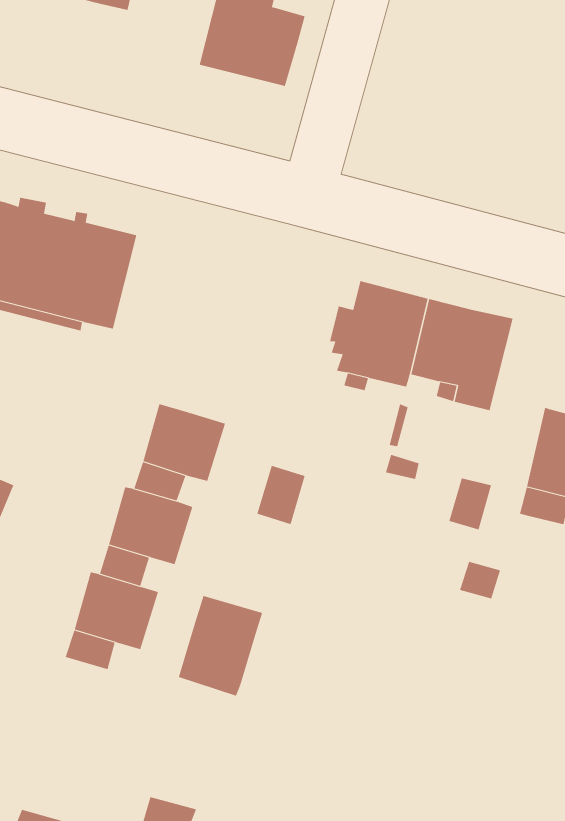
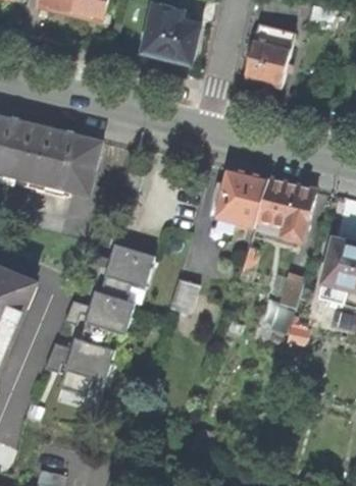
building: none -> [244,19,292,83]
building: [178,595,263,697] -> none

